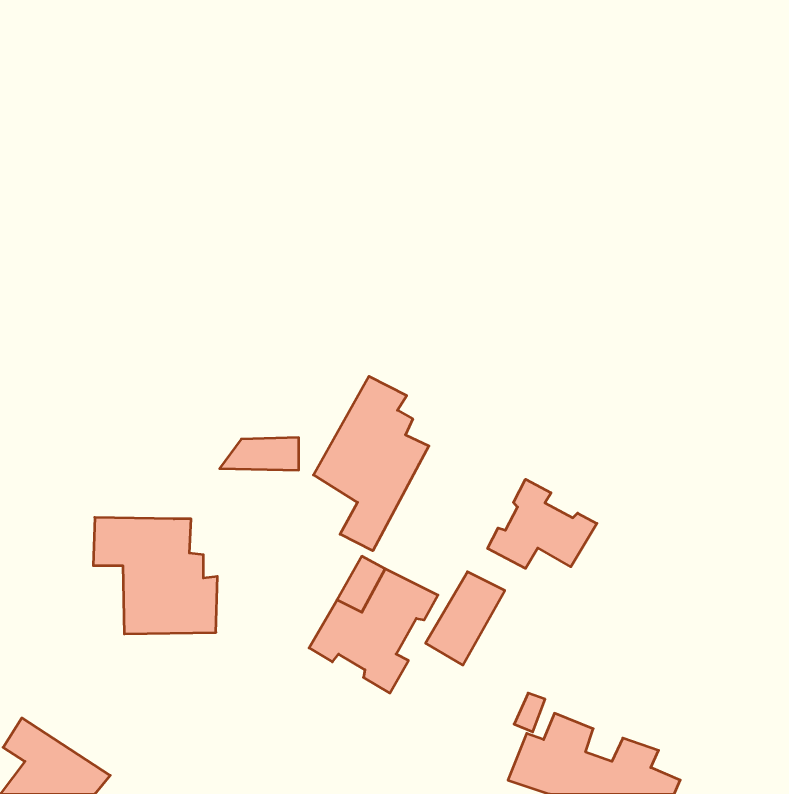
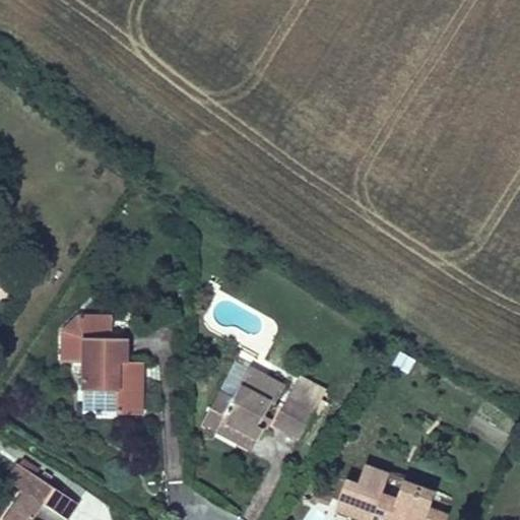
building: [313,376,429,551] -> none
building: [220,438,299,470] -> [62,318,114,339]
building: [488,479,597,568] -> none

